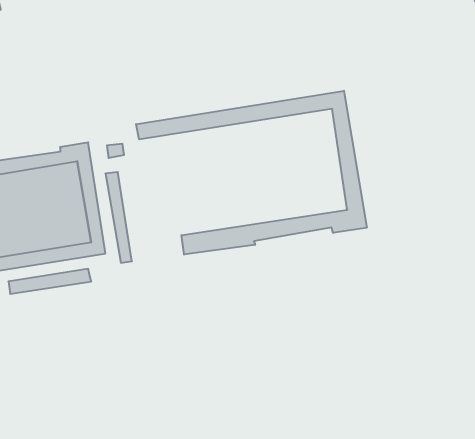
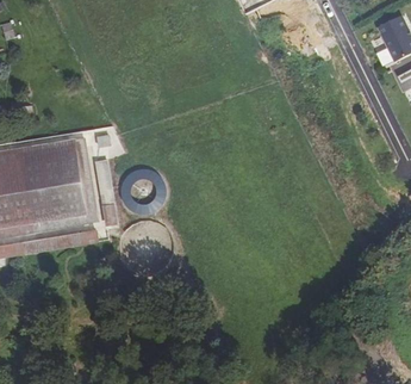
building: [136,91,367,255] -> none

